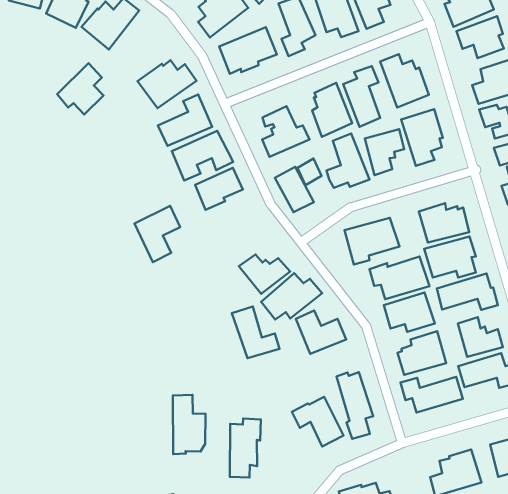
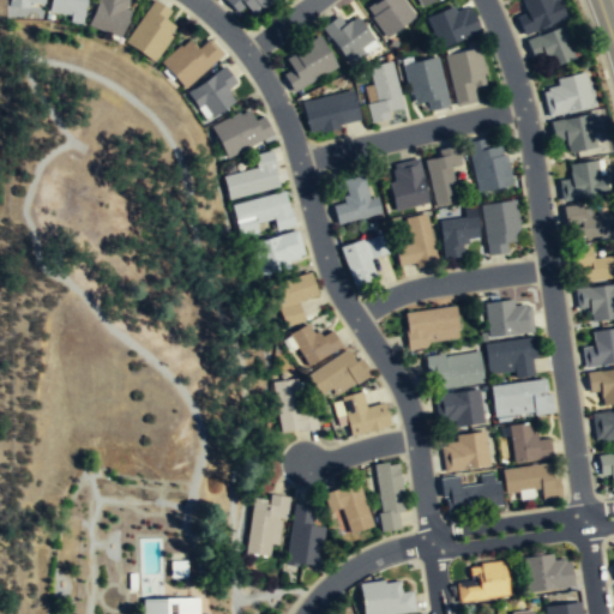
building: [57,63,103,114] -> [188,66,237,119]
building: [135,206,180,262] -> [272,272,319,329]
building: [173,395,205,454] -> [287,504,326,566]

